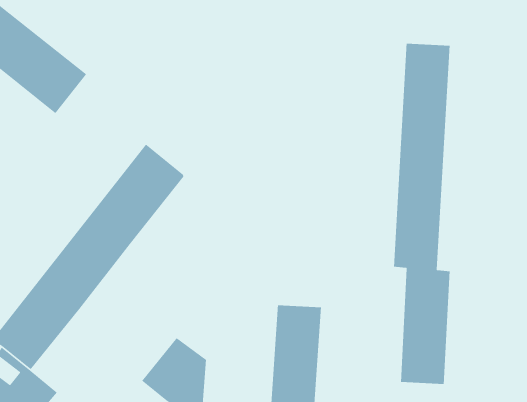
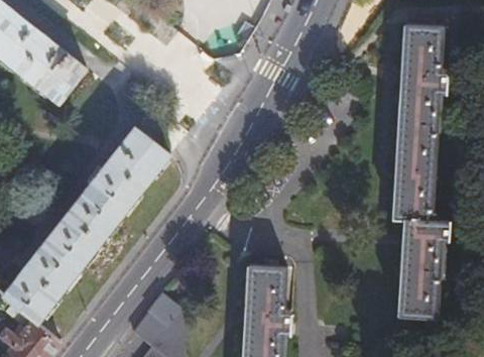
building: [393,43,450,385] -> [393,25,443,319]

